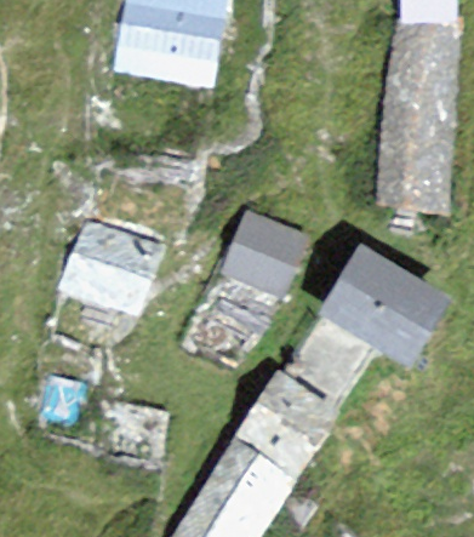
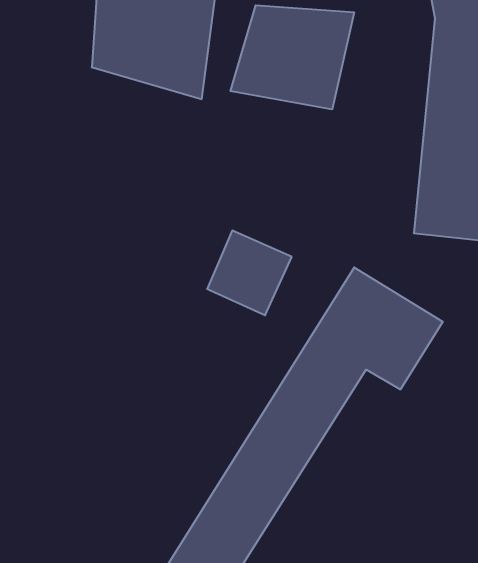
building: none -> [231,5,354,109]
building: [59,227,147,312] -> none

